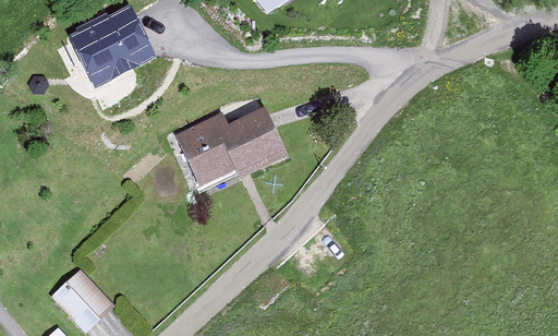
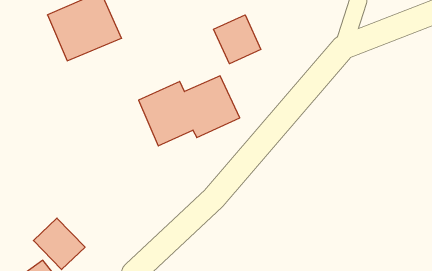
building: none -> [214,15,261,64]

